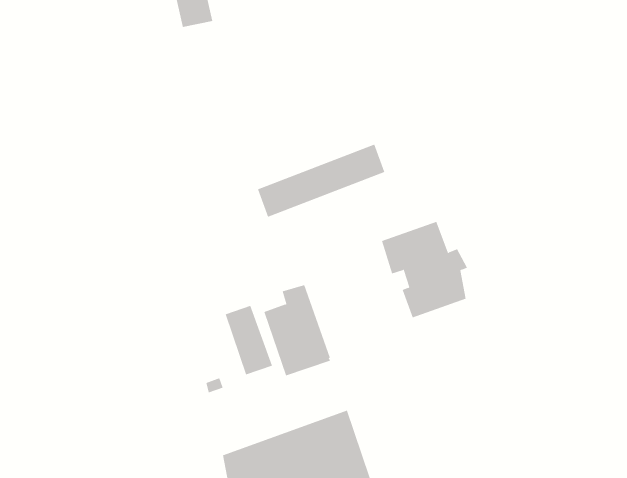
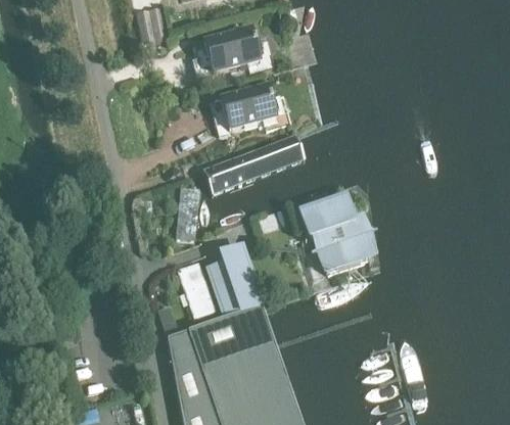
building: none -> [205,28,261,73]
building: none -> [221,85,277,130]
building: none -> [177,190,202,241]
building: none -> [169,306,276,381]

